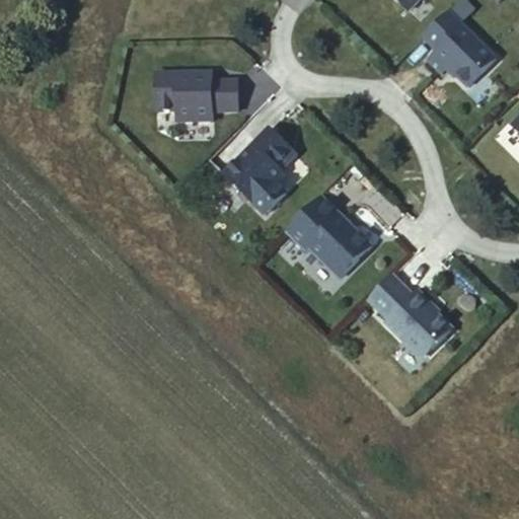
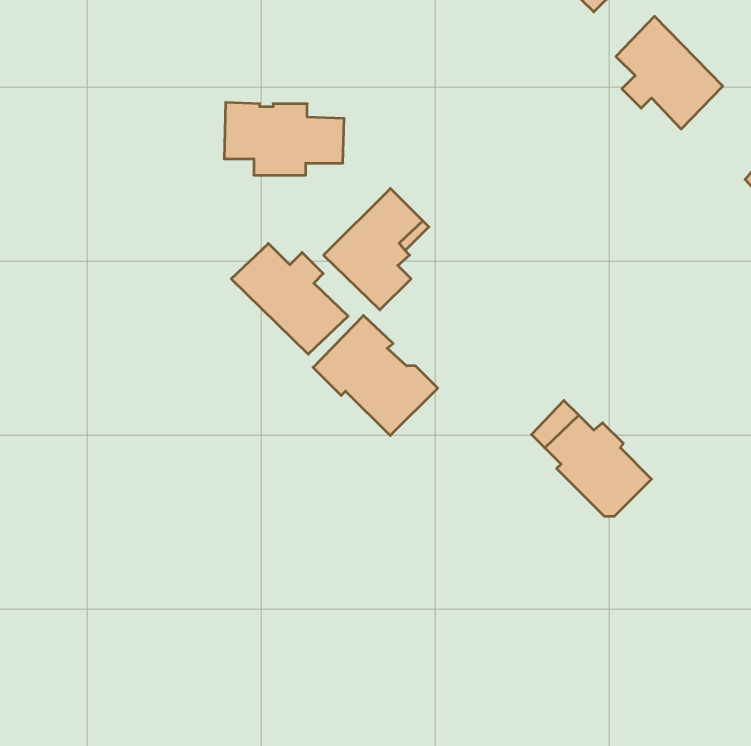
building: none -> [231,243,348,354]
building: [284,195,369,277] -> [313,315,438,436]

